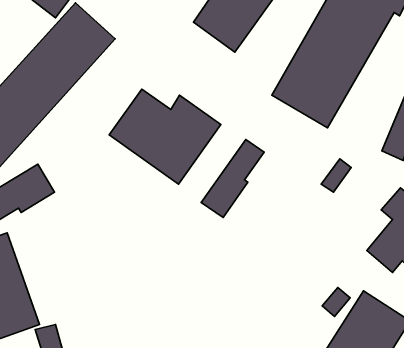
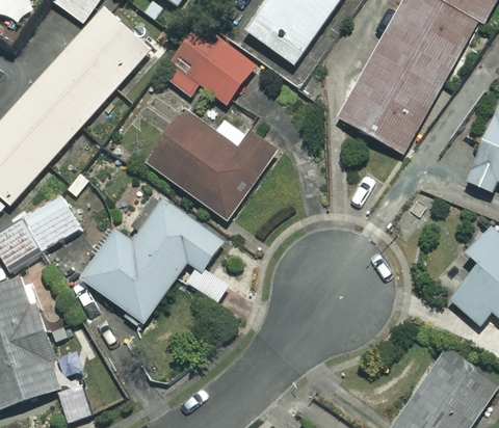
building: none -> [165,29,255,104]
building: [201,139,264,218] -> none
building: none -> [81,196,229,322]

